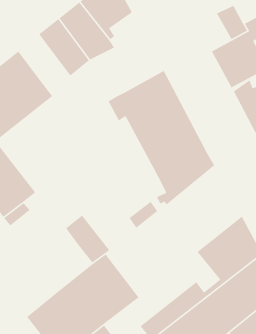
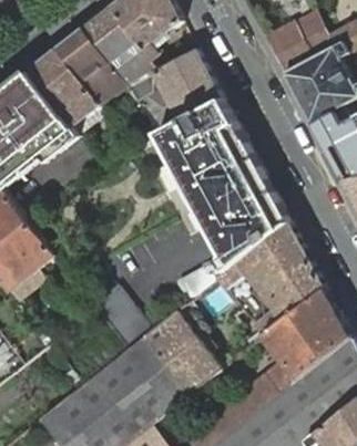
building: none -> [264,23,309,73]
building: none -> [124,49,222,132]
building: none -> [30,51,99,126]
building: none -> [218,222,324,335]
building: none -> [145,312,222,395]

